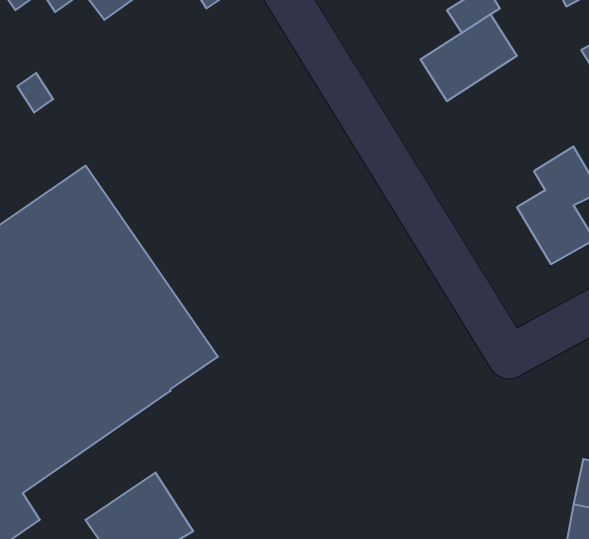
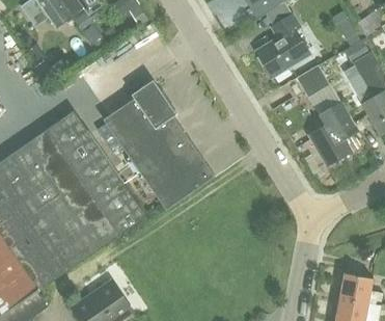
building: none -> [296,64,329,97]
building: none -> [98,79,215,209]

